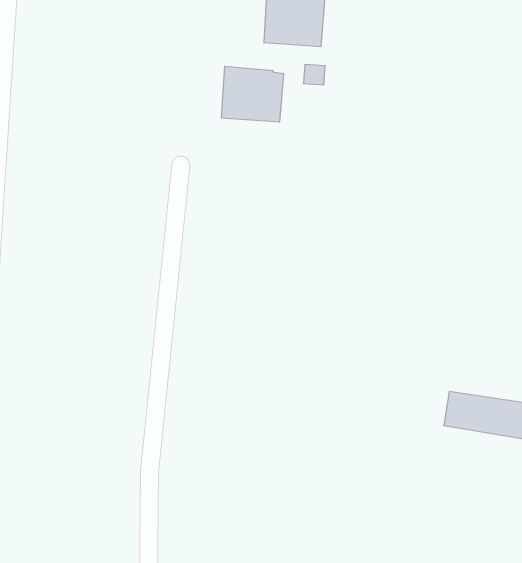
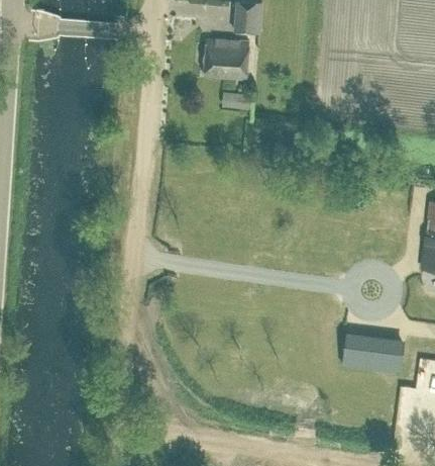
building: [221,66,284,122] -> none

